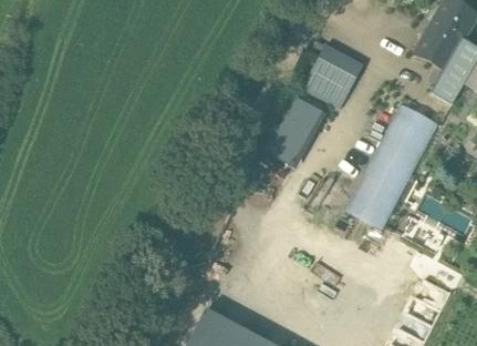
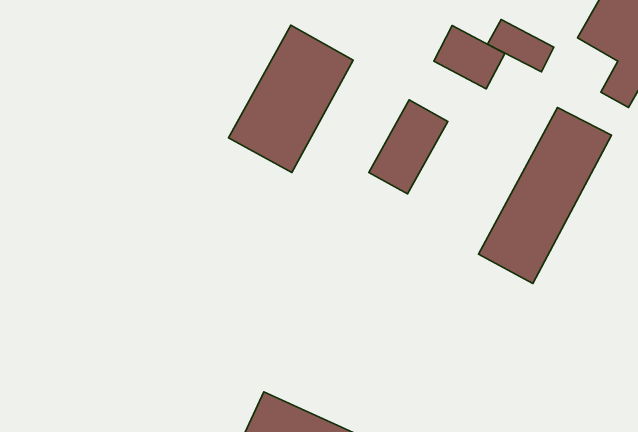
building: none -> [228,25,353,172]
building: [303,69,351,106] -> [487,19,554,72]

